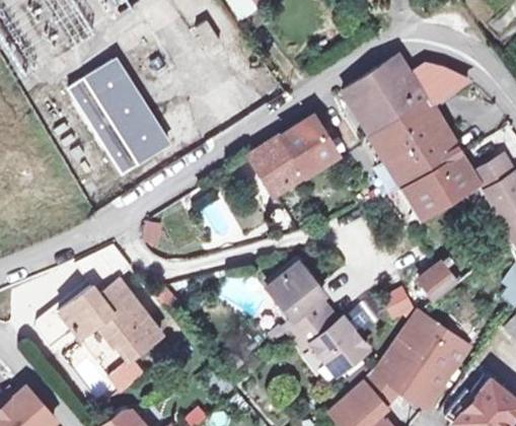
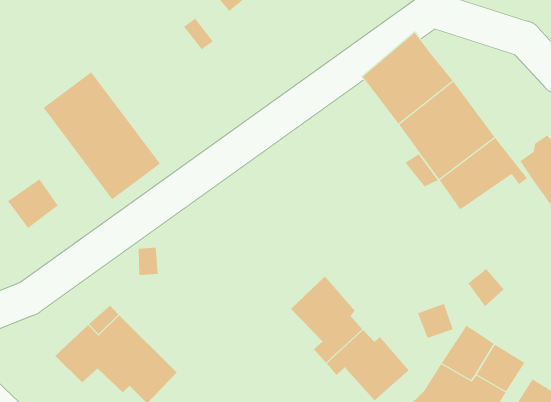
building: [408,63,469,101] -> none
building: [252,116,341,194] -> none
building: none -> [7,179,58,229]

